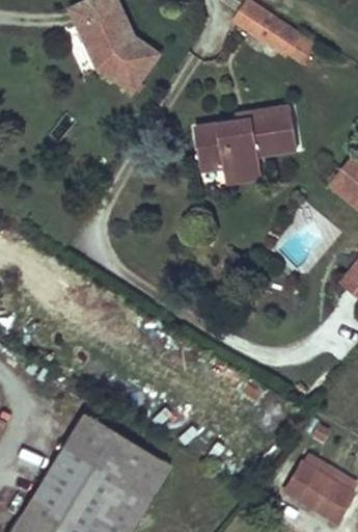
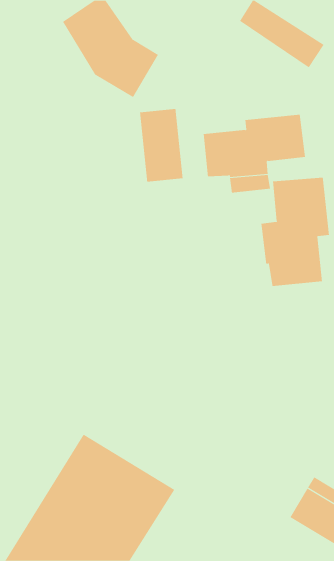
building: none -> [140,108,183,182]
building: none -> [261,177,330,287]

